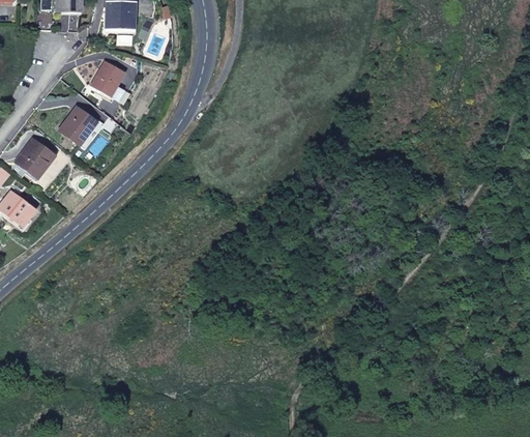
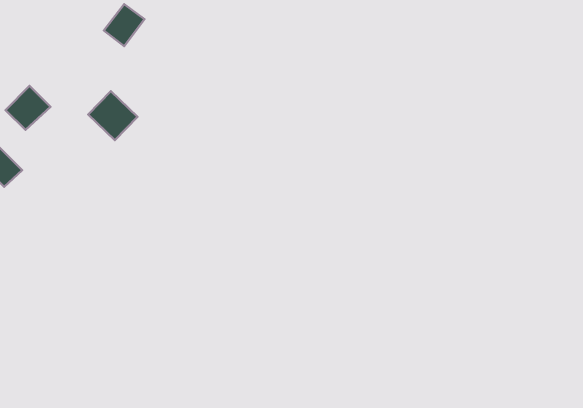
building: [59,108,100,148] -> [88,91,137,140]

